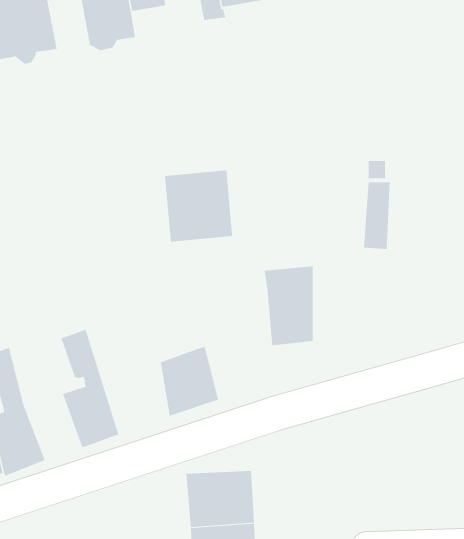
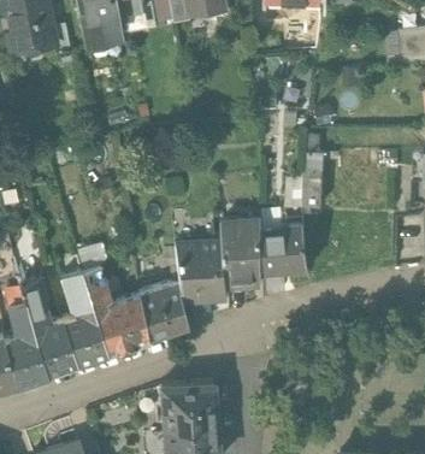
building: [164,170,233,242] -> [173,240,229,297]
building: none -> [261,224,308,270]
building: none -> [79,265,146,354]
building: none -> [18,279,76,375]

